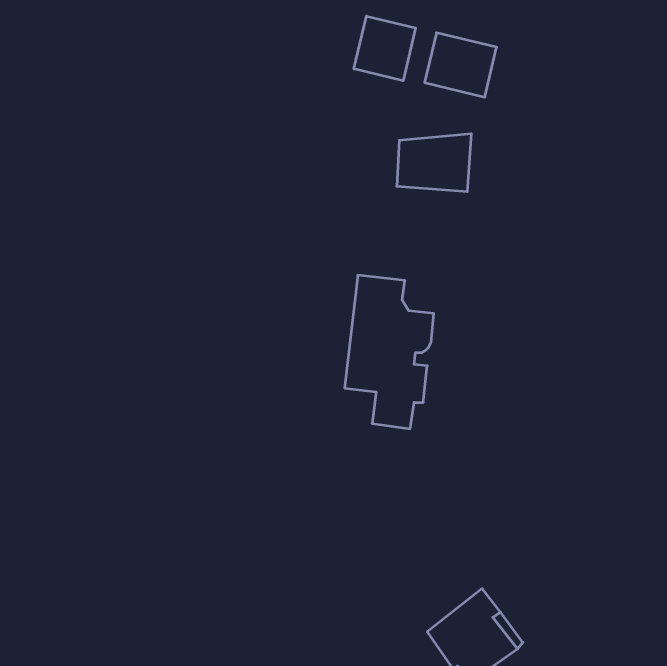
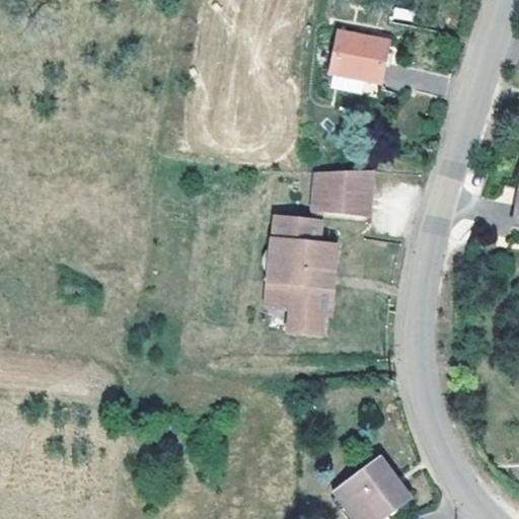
building: [354,16,416,81] -> none
building: [397,134,471,192] -> [314,169,372,214]

